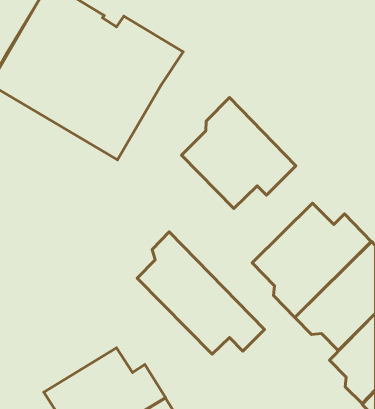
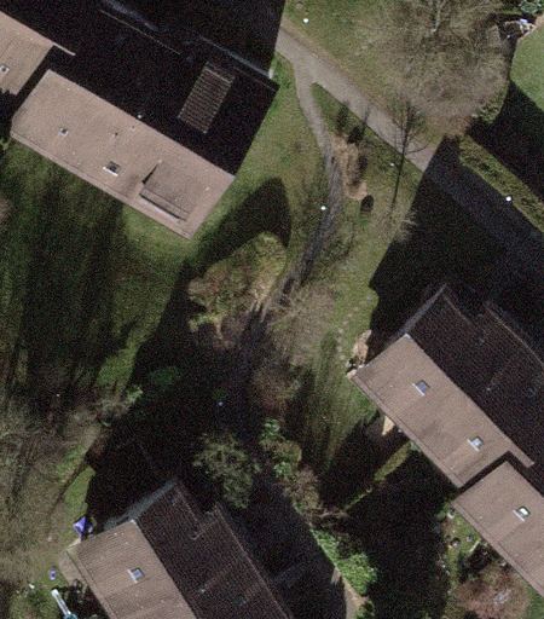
building: [181,98,296,208] -> none
building: [137,232,264,354] -> none

